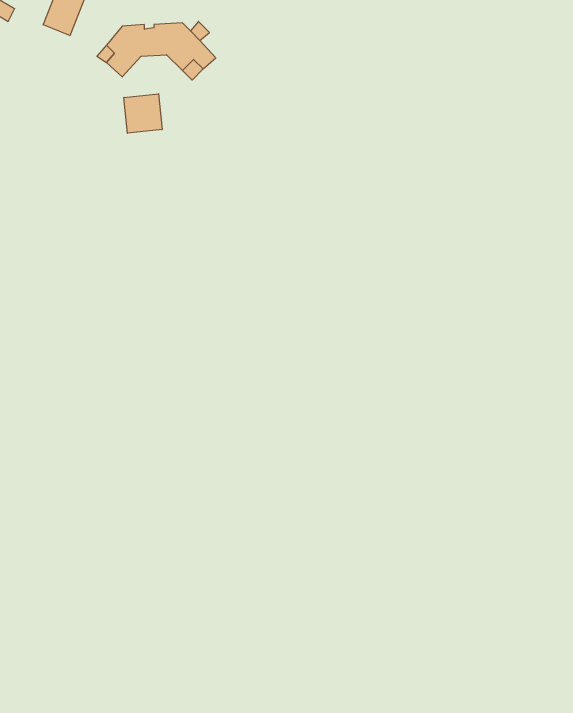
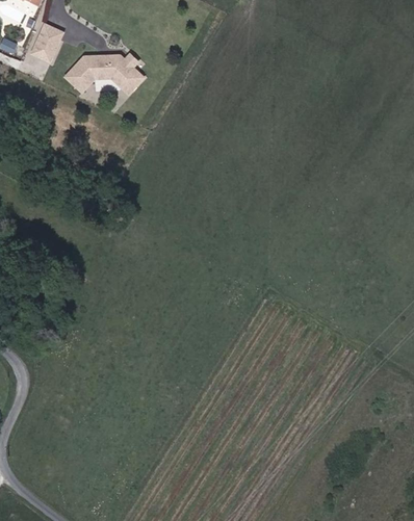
building: [124,94,162,133] -> none

